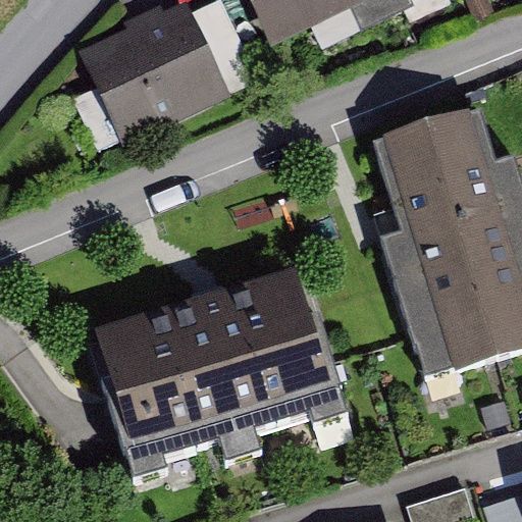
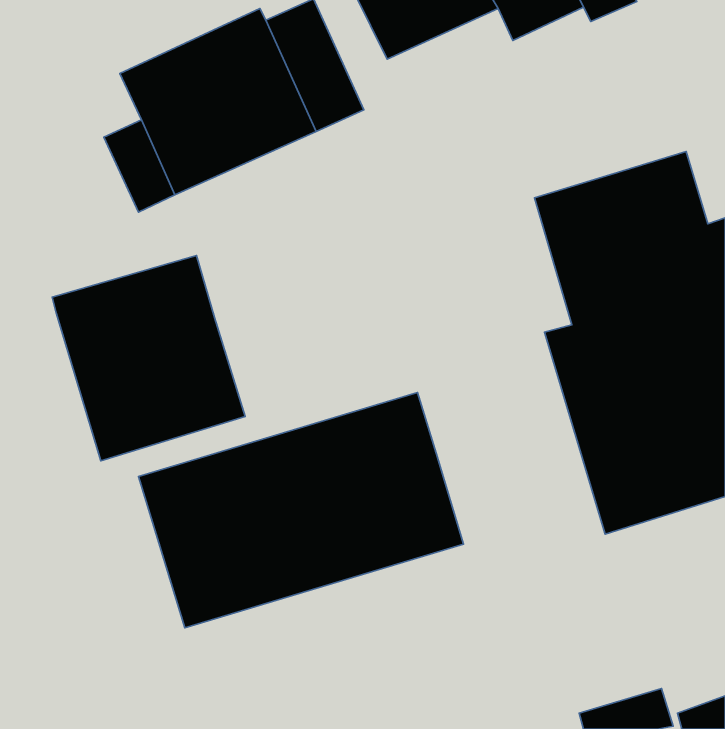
building: none -> [52,255,245,461]
building: [102,317,350,487] -> none

